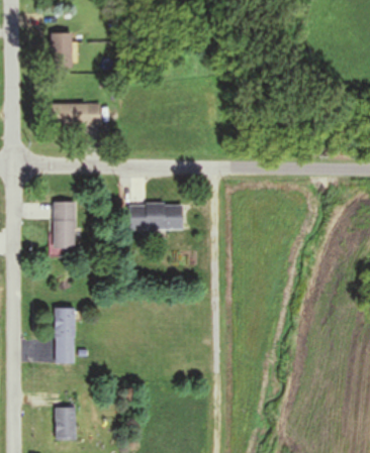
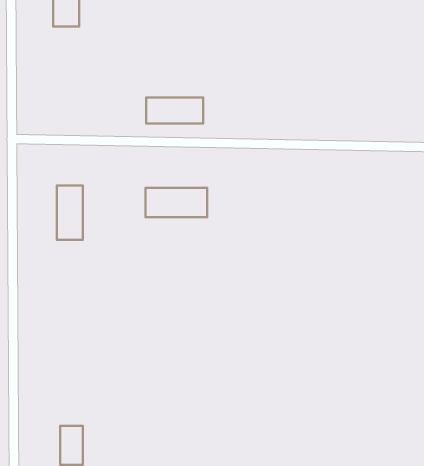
building: [52,103,100,125] -> [146,98,203,124]
building: [55,308,75,363] -> none

